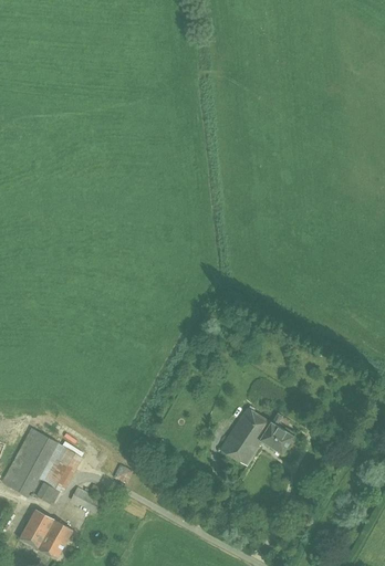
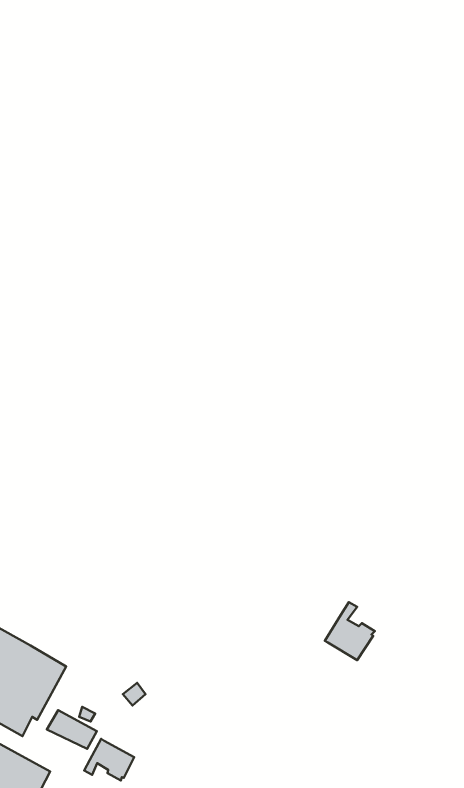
building: [219,407,271,465] -> none
building: none -> [84,739,134,781]

